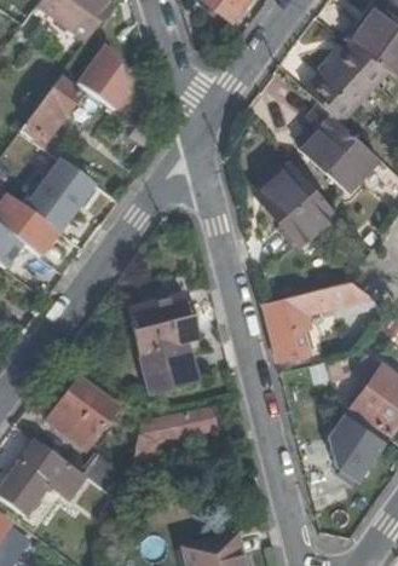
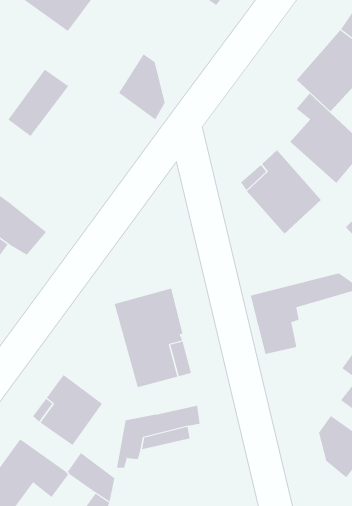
building: [81,47,127,112] -> [118,53,165,120]
building: [27,163,97,238] -> none

